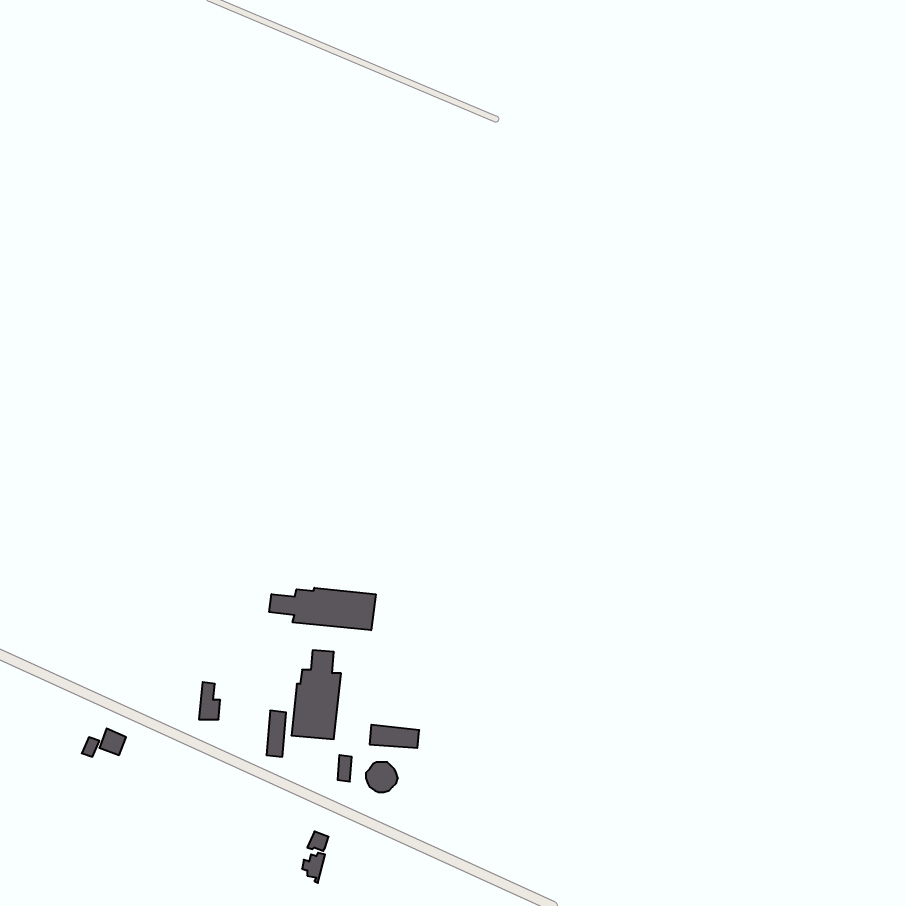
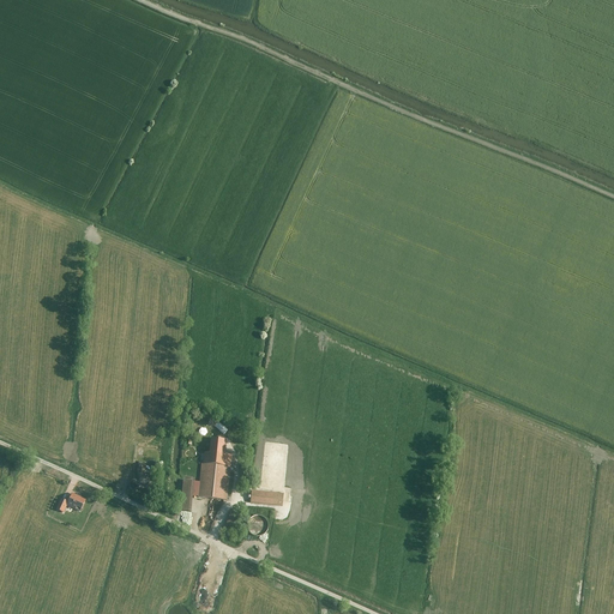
building: [269,588,376,630] -> none

